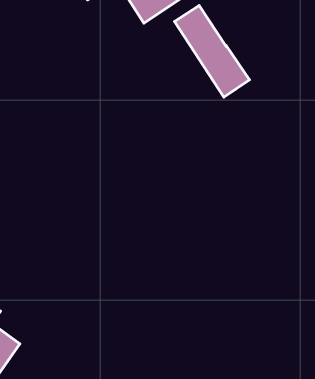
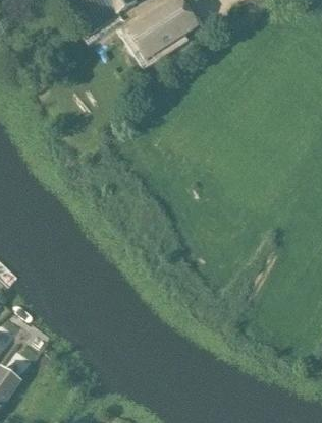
building: [175,5,250,97] -> none

